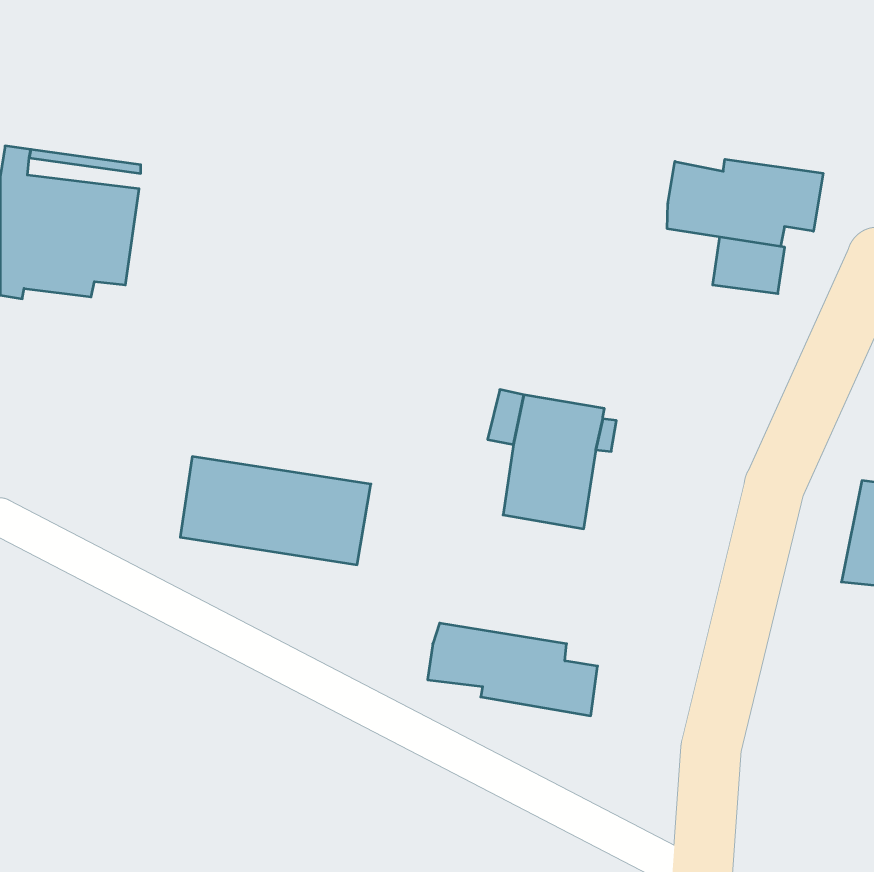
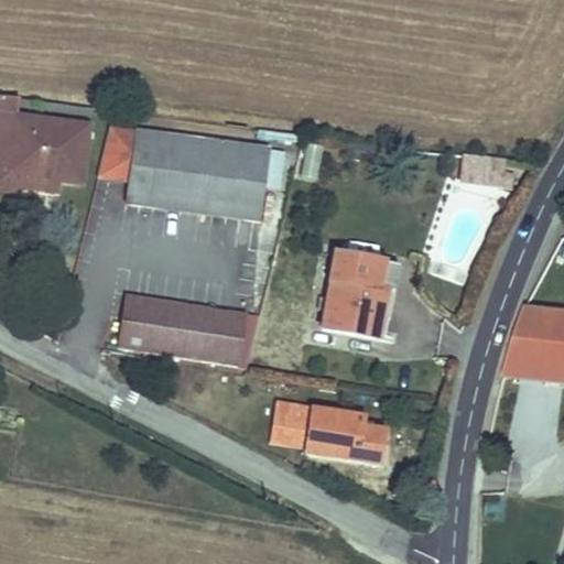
building: [667,159,823,246] -> none
building: none -> [102,134,263,224]
building: none -> [506,303,555,373]

